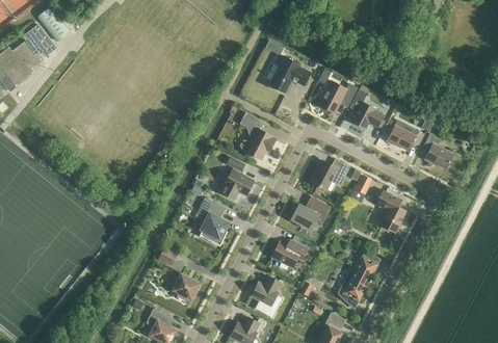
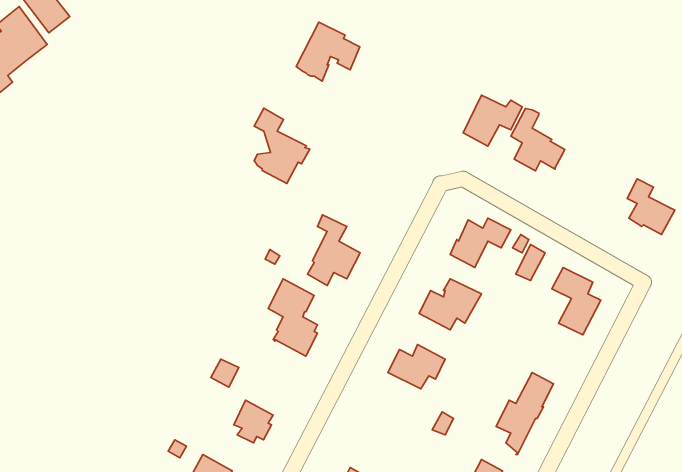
building: [269,55,310,93] -> [296,22,360,81]
building: [240,111,276,159] -> [254,108,310,184]
building: [387,118,433,150] -> none
building: [251,275,280,314] -> none

